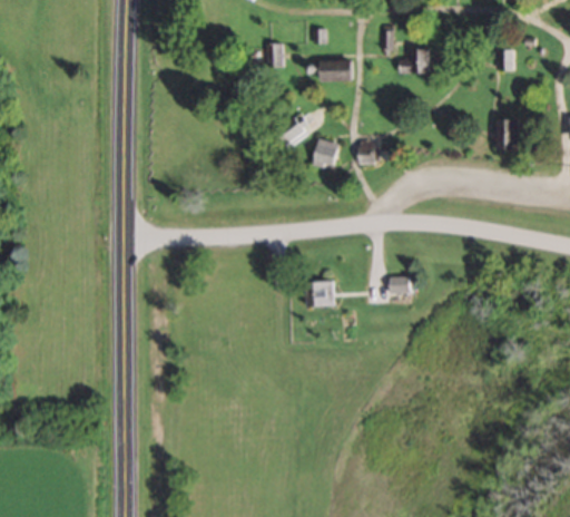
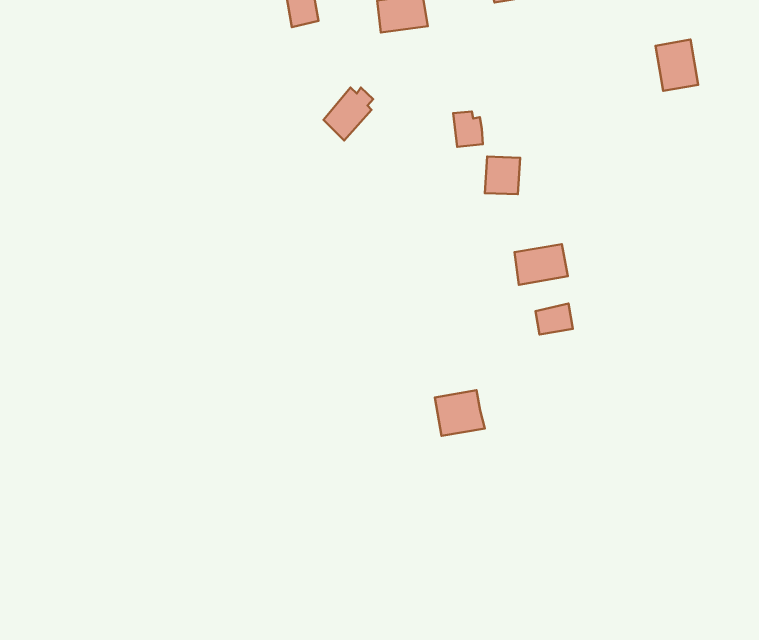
building: [313,138,340,166] -> [485,156,520,194]
building: none -> [514,244,568,285]
building: [308,281,337,306] -> [435,390,485,436]

